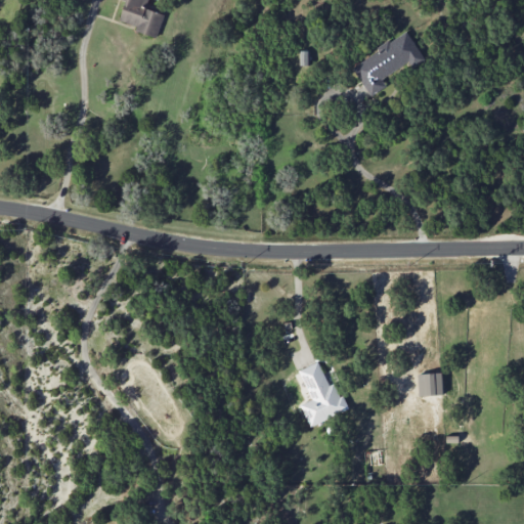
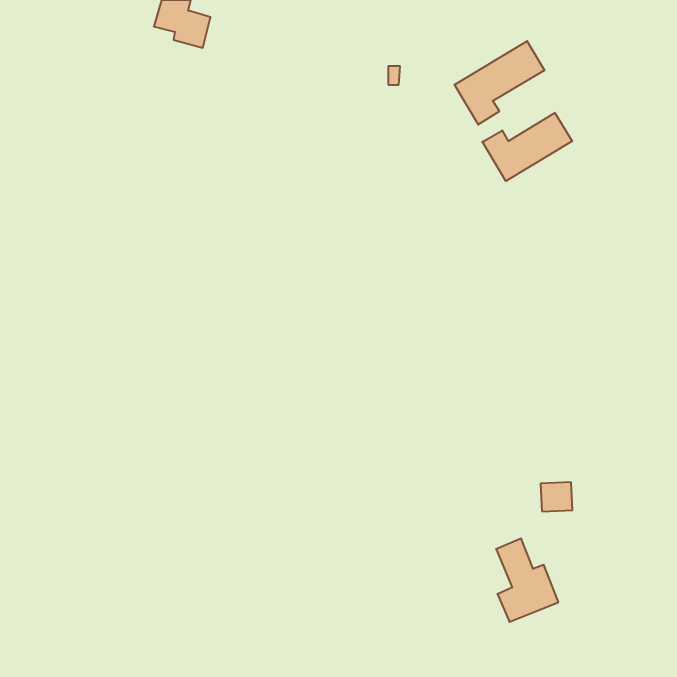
building: none -> [482,113,572,181]
building: [299,361,347,426] -> [496,539,558,622]

